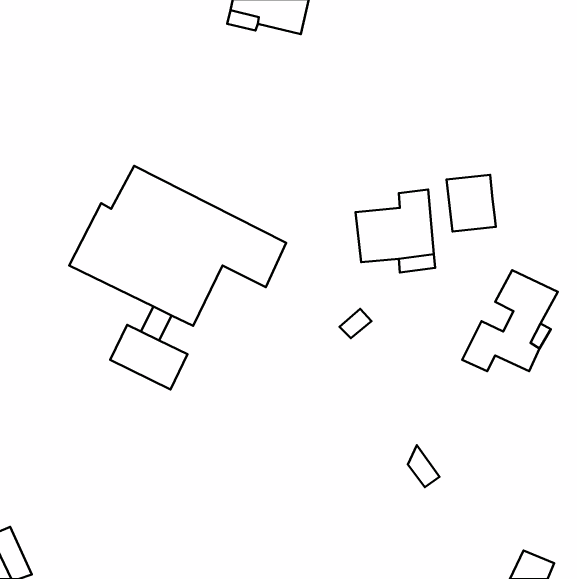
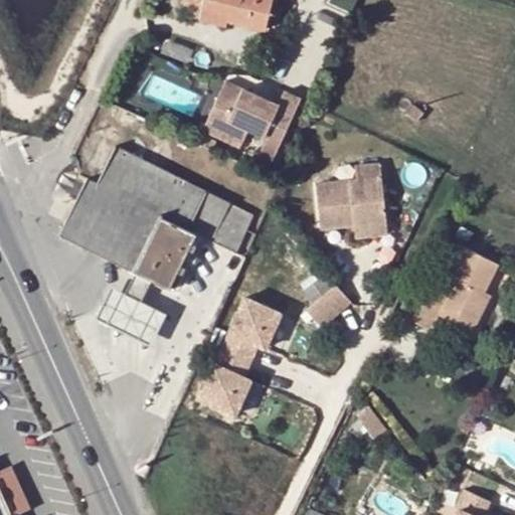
building: none -> [205,83,304,163]
building: [447,175,496,232] -> none
building: none -> [306,287,350,332]
building: none -> [199,291,286,416]

